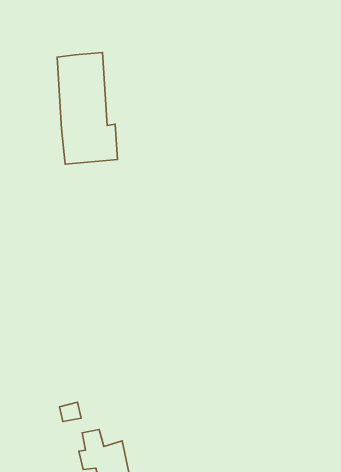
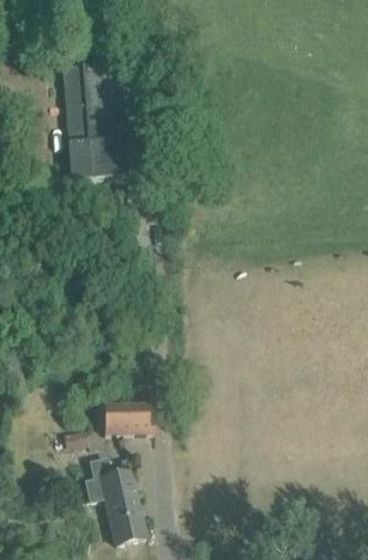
building: none -> [104,401,153,434]

